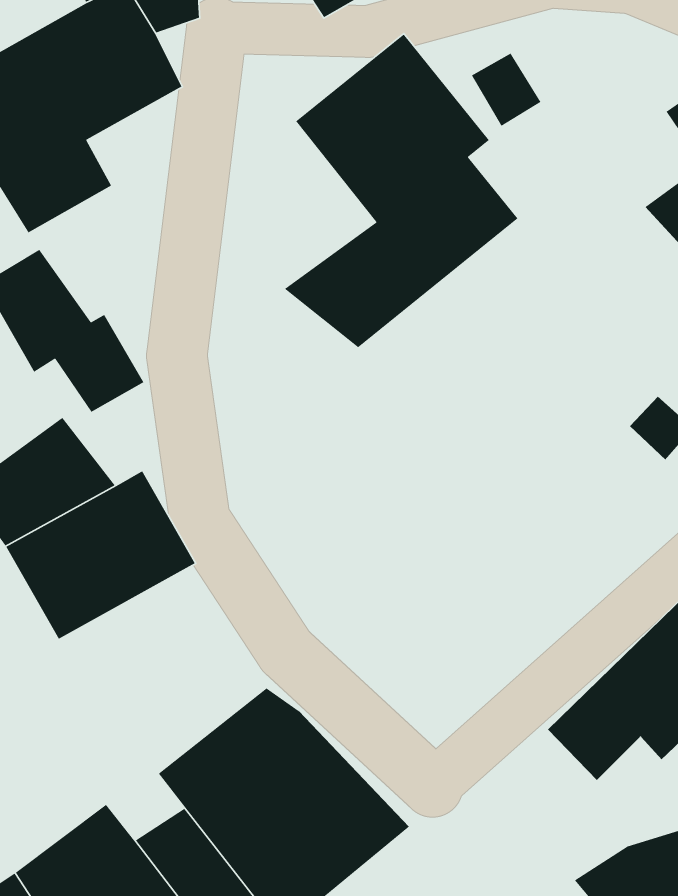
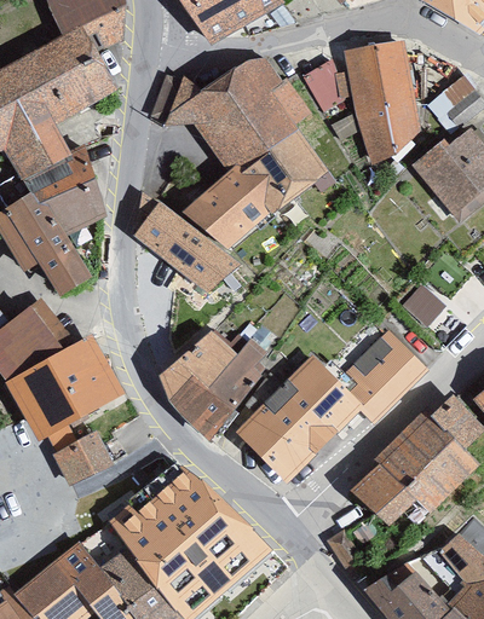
building: none -> [341,42,421,164]
building: none -> [22,139,106,235]
building: none -> [131,196,247,296]
building: none -> [161,330,264,439]
building: none -> [235,335,415,478]
building: none -> [51,435,104,484]

